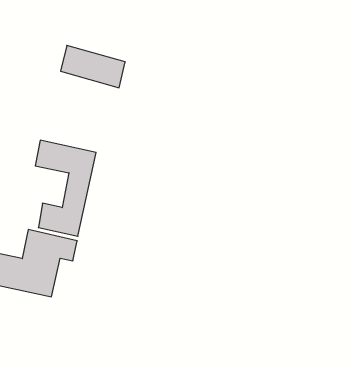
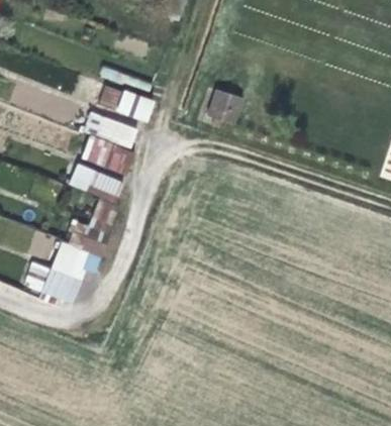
building: none -> [209,89,242,126]
building: none -> [82,111,138,175]

